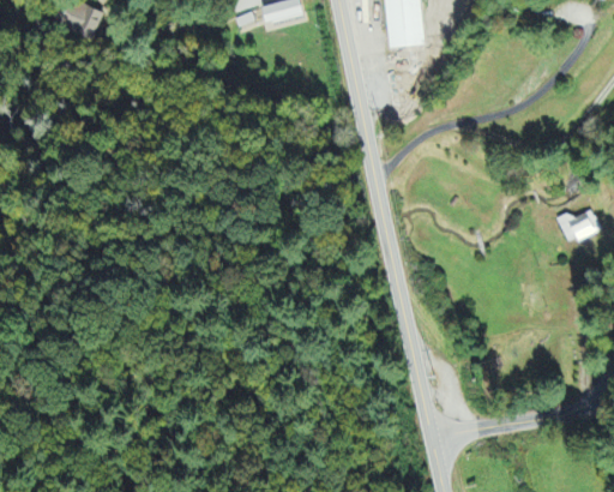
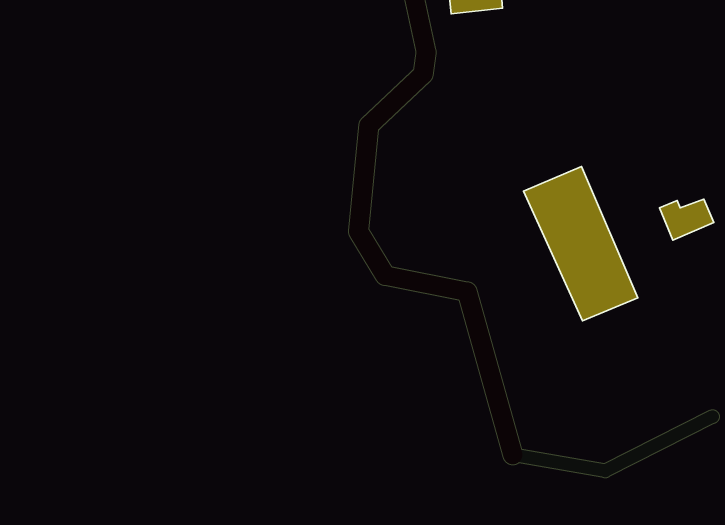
building: none -> [523,167,638,321]

